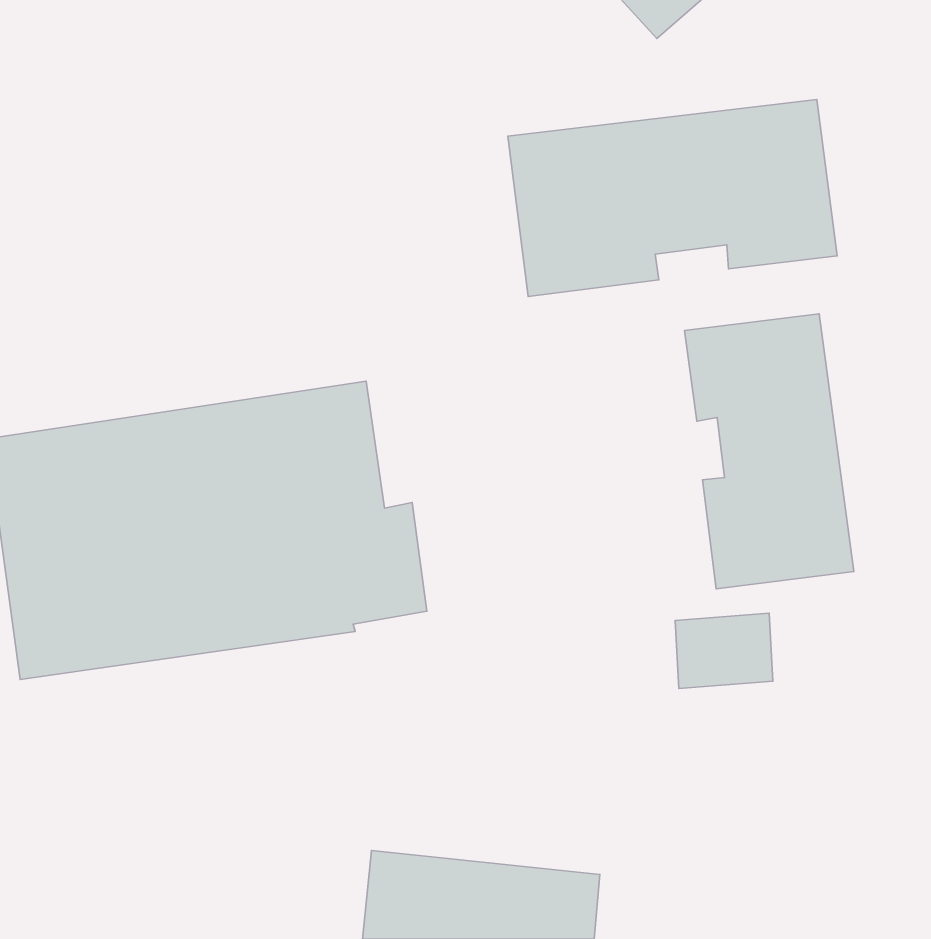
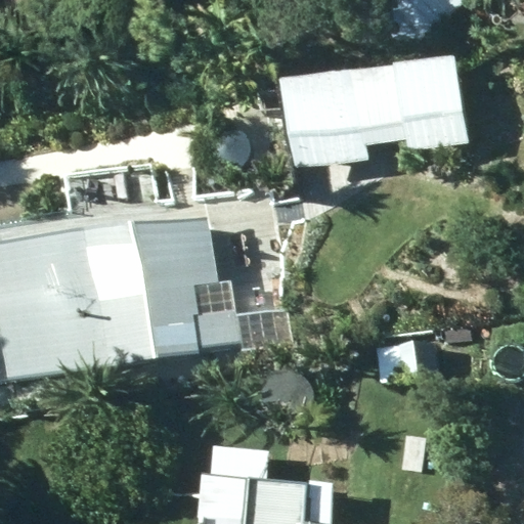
building: [685,314,854,589] -> none

